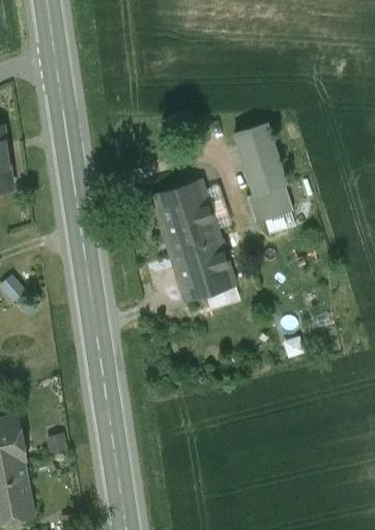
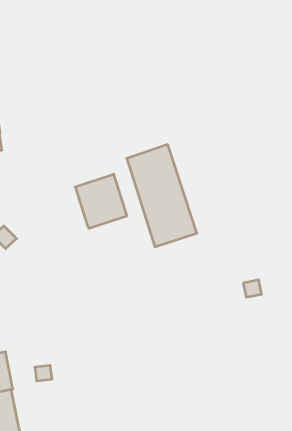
building: [242,134,301,226] -> none
building: none -> [75,174,127,228]

